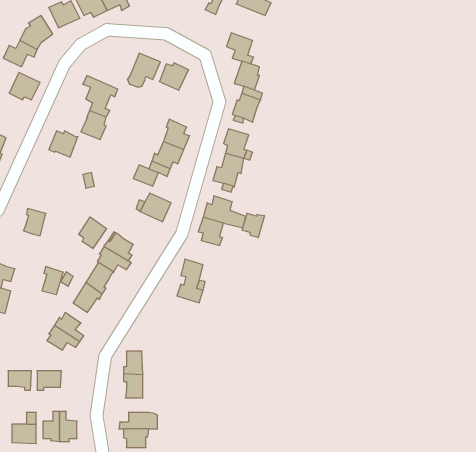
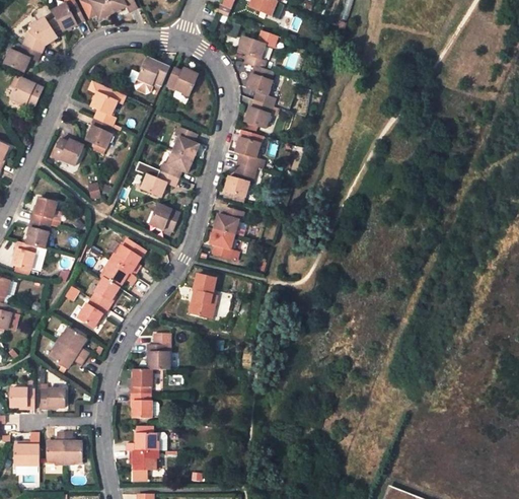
building: none -> [29,197,55,224]
building: [242,213,265,238] -> none
building: [79,217,106,249] -> none
building: [42,266,63,295] -> [12,239,34,269]
building: none -> [146,332,168,368]

